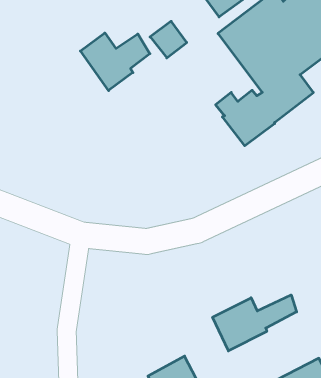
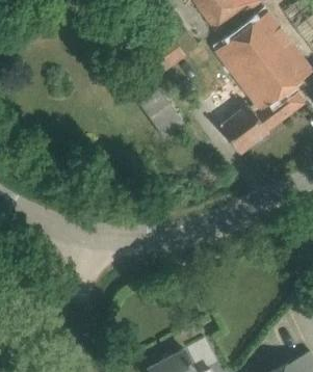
building: [80,33,150,91] -> none
building: [213,295,297,351] -> none

